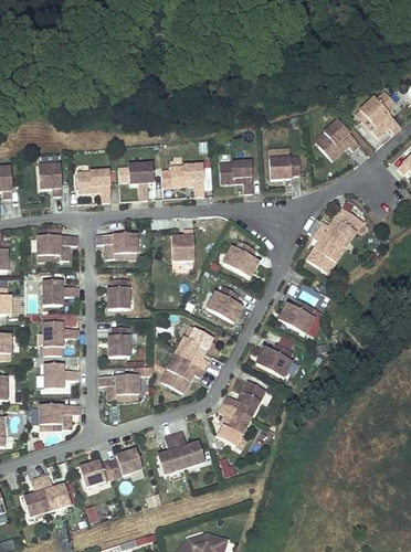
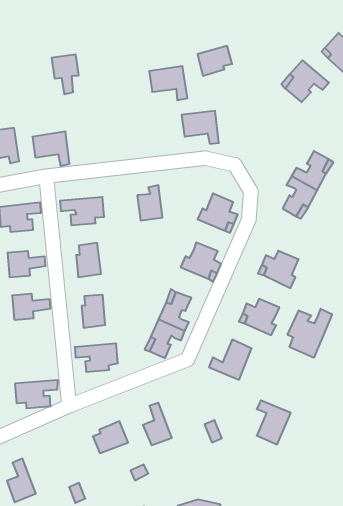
building: [267,158,299,184] -> [198,46,232,76]
building: [128,162,152,199] -> [52,55,79,94]
building: [170,163,204,195] -> [149,66,187,100]
building: none -> [288,309,332,358]
building: [43,362,78,385] -> none
building: [218,404,252,447] -> [257,400,291,444]
building: [173,431,204,468] -> none
building: [78,459,114,486] -> none
building: [40,474,70,510] -> none

